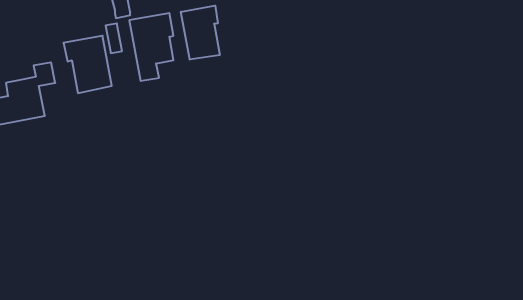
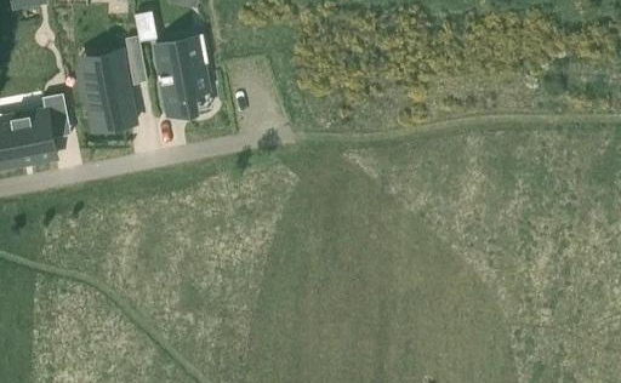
building: [181,6,220,60] -> none

